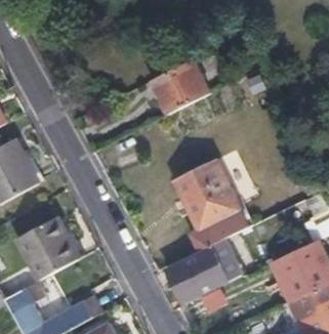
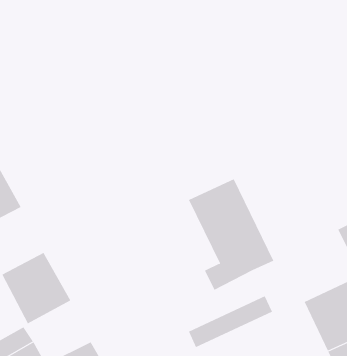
building: [149,58,209,115] -> none
building: [164,236,237,286] -> none

